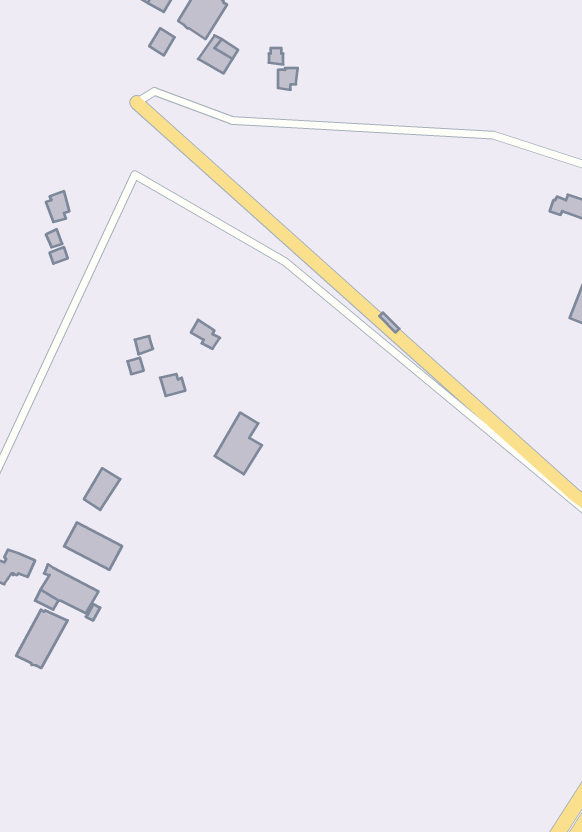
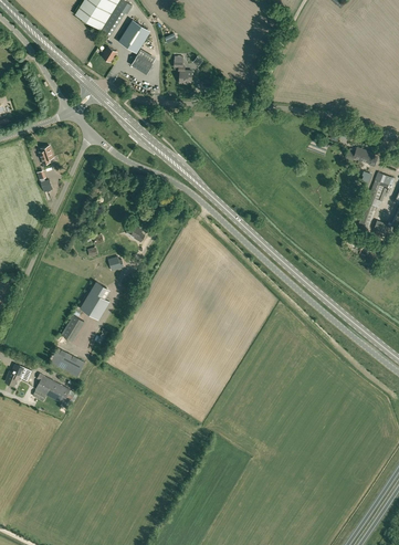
building: [215,413,262,474] -> [81,281,109,318]
building: [16,610,68,668] -> none

